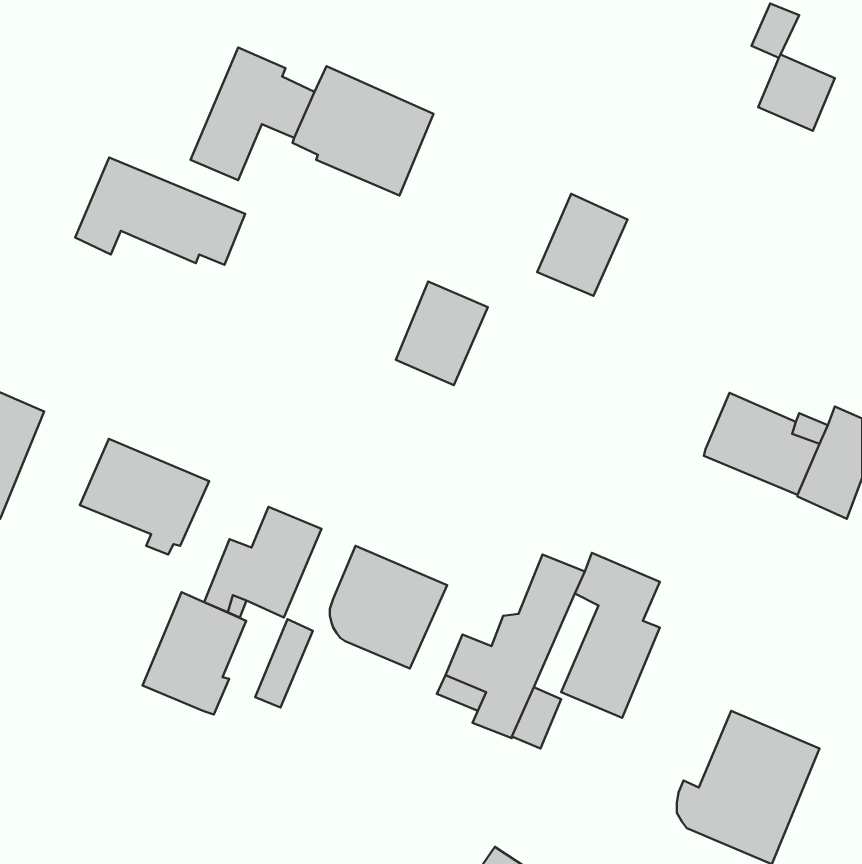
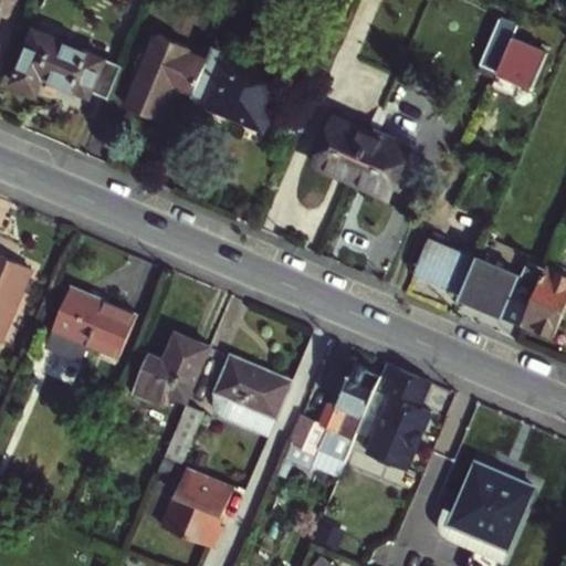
building: [75,158,245,265] -> [8,30,118,99]
building: [396,282,488,385] -> [312,113,371,180]
building: none -> [411,238,474,295]
building: [143,592,246,715] -> [163,465,230,545]

